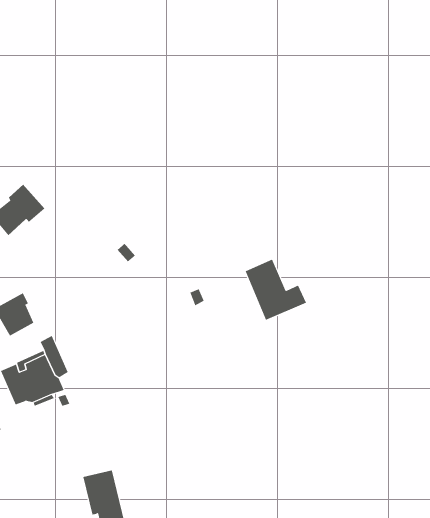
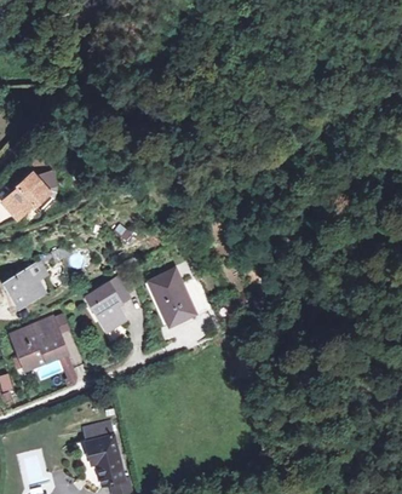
building: [245,259,307,321] -> [149,269,203,323]
building: none -> [85,276,128,329]

